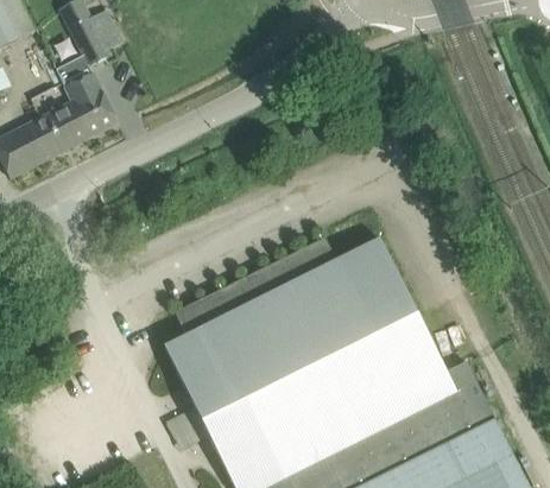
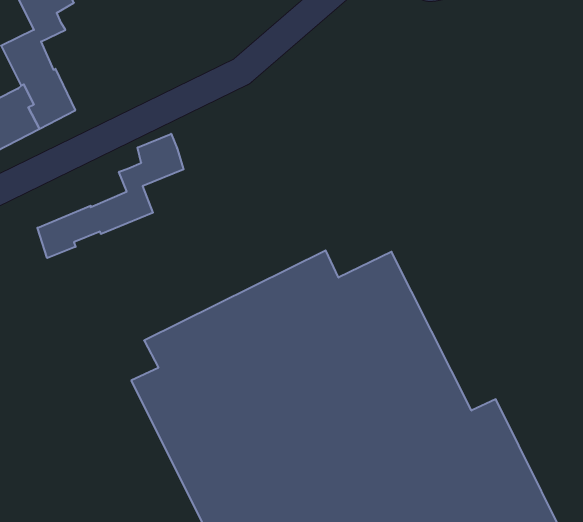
building: none -> [37,134,184,258]

